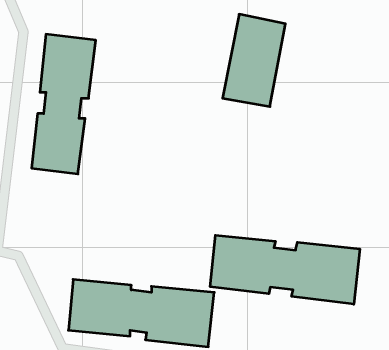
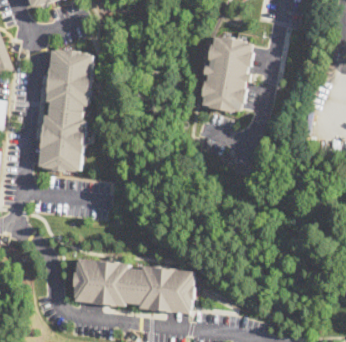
building: [210,235,360,304] -> none

